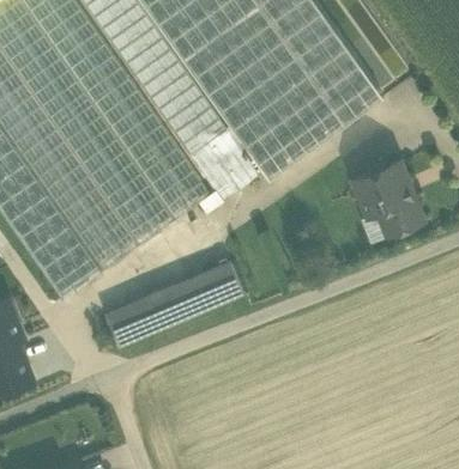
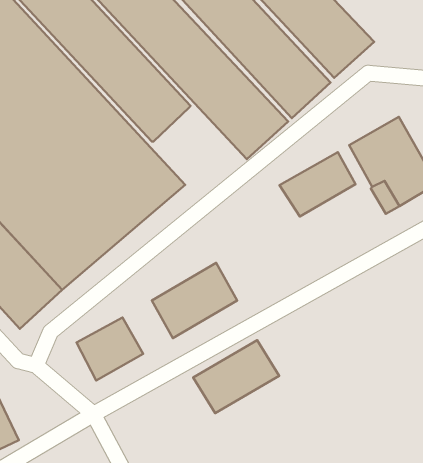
building: [191,129,250,189] -> none
building: none -> [280,152,356,217]
building: [145,285,185,328] -> none
building: none -> [193,340,279,413]

